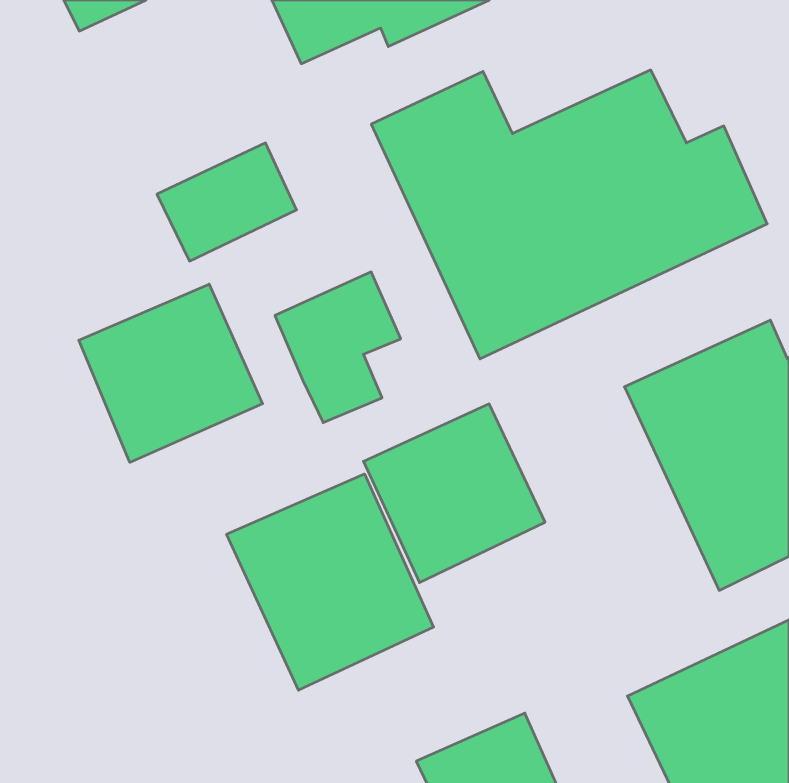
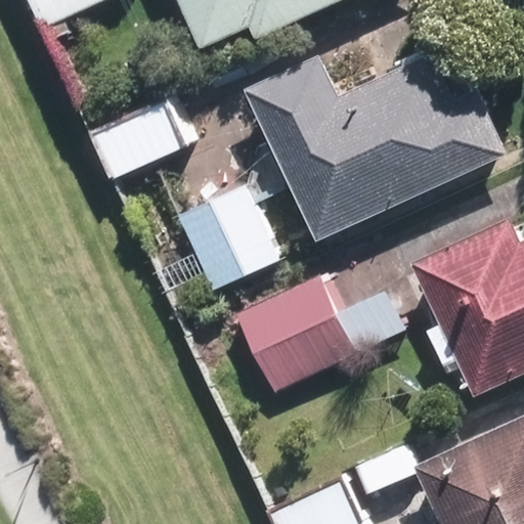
building: [79,284,263,462] -> none
building: [227,474,434,690] -> none

